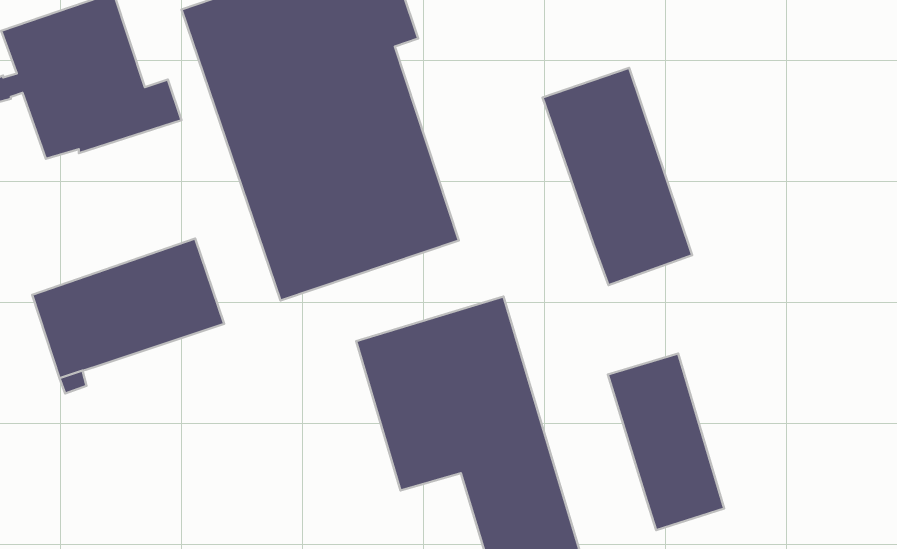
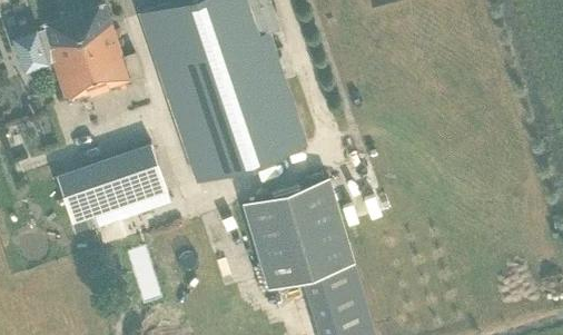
building: [543,68,692,285] -> none
building: [608,353,724,530] -> none

